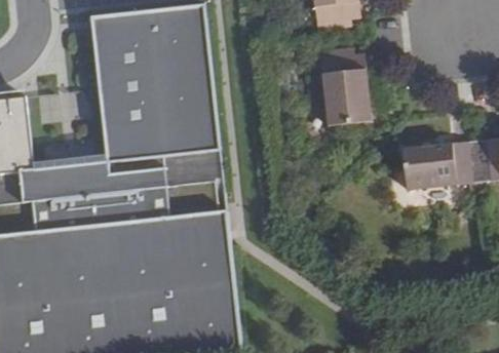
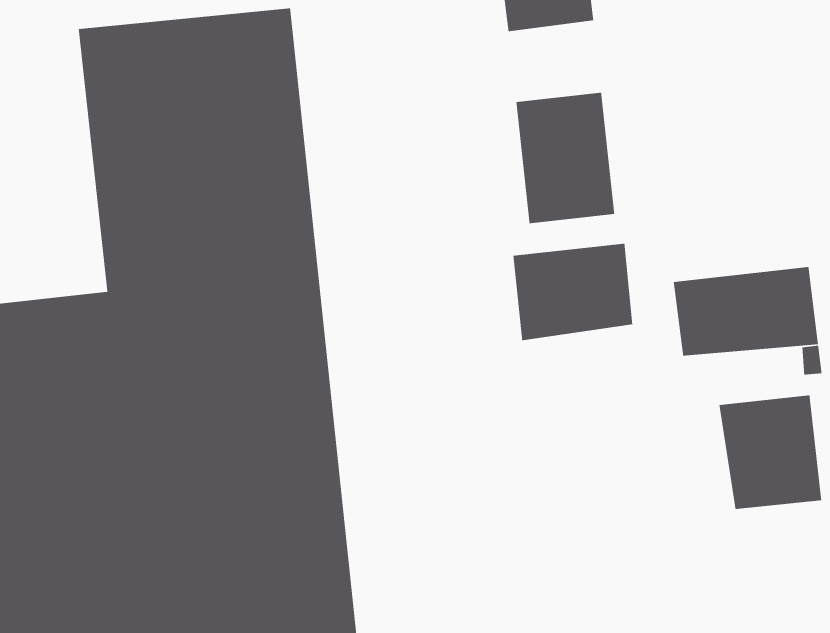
building: none -> [513,243,633,341]
building: none -> [718,395,822,510]

